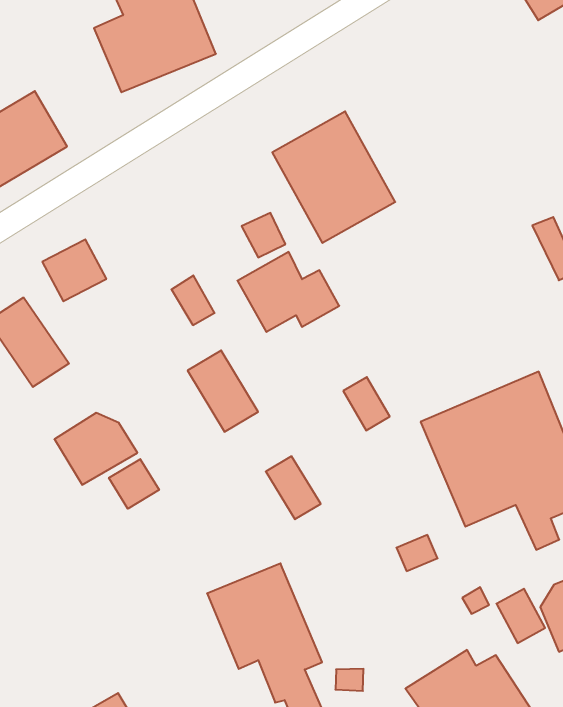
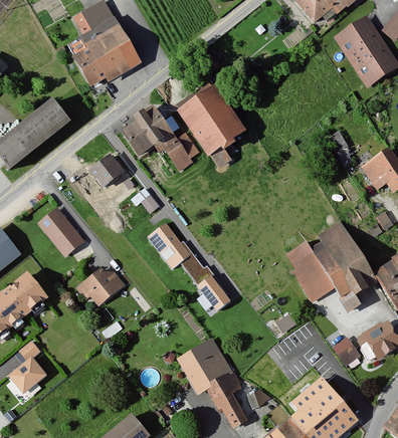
building: [42,239,106,301] -> [89,155,126,190]
building: [237,252,339,332] -> [122,111,179,156]
building: [343,377,390,430] -> [183,252,210,281]
building: [109,459,159,509] -> none

